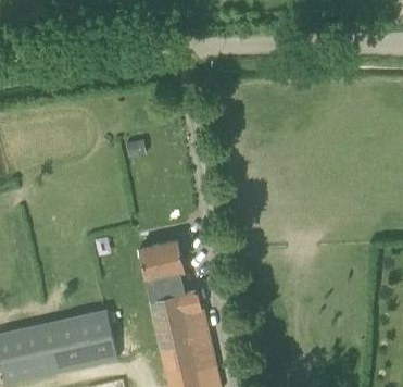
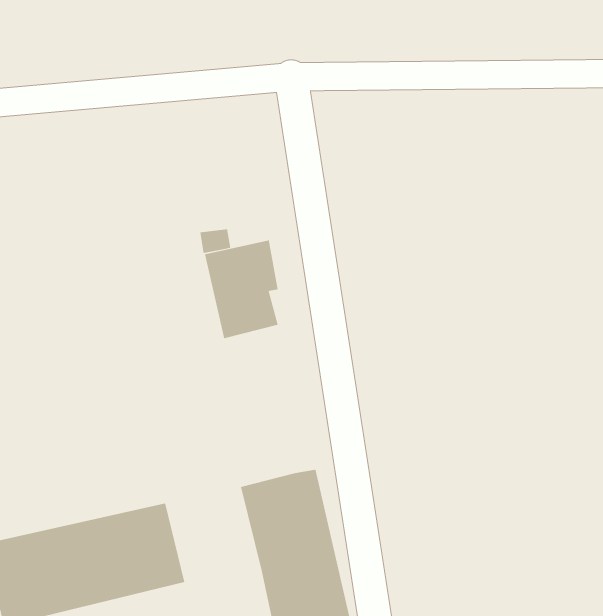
building: [138,239,184,300] -> [204,240,278,339]

